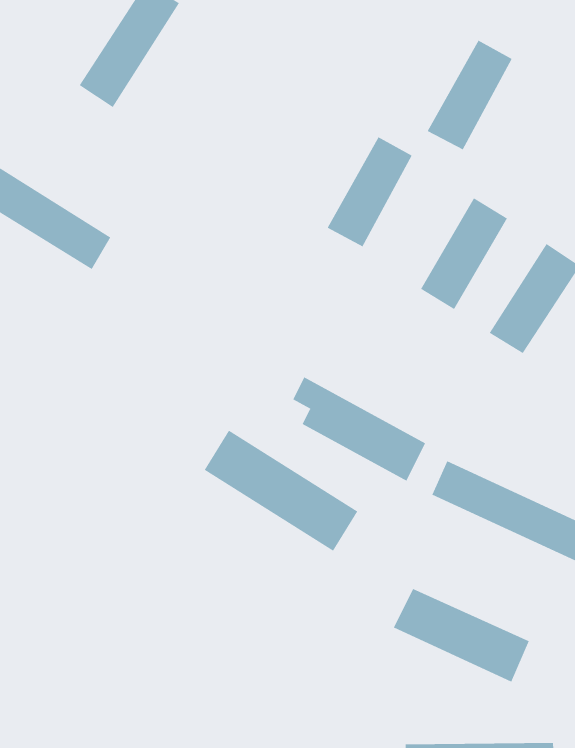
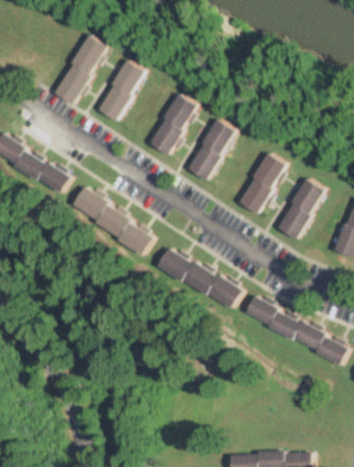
building: none -> [97,60,144,120]
building: [427,40,513,150] -> [148,95,195,155]
building: [204,430,358,552] -> [71,187,155,254]
building: [393,588,530,682] -> none

